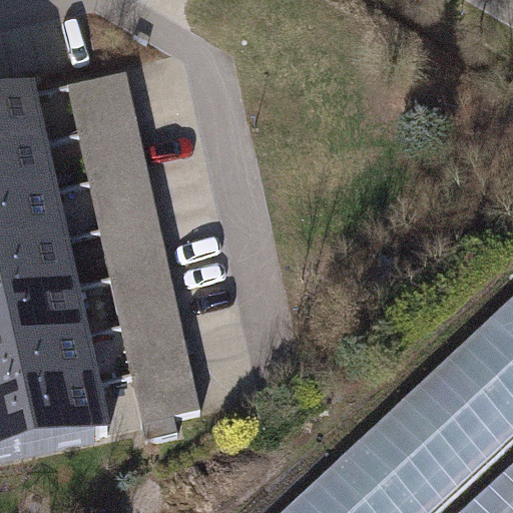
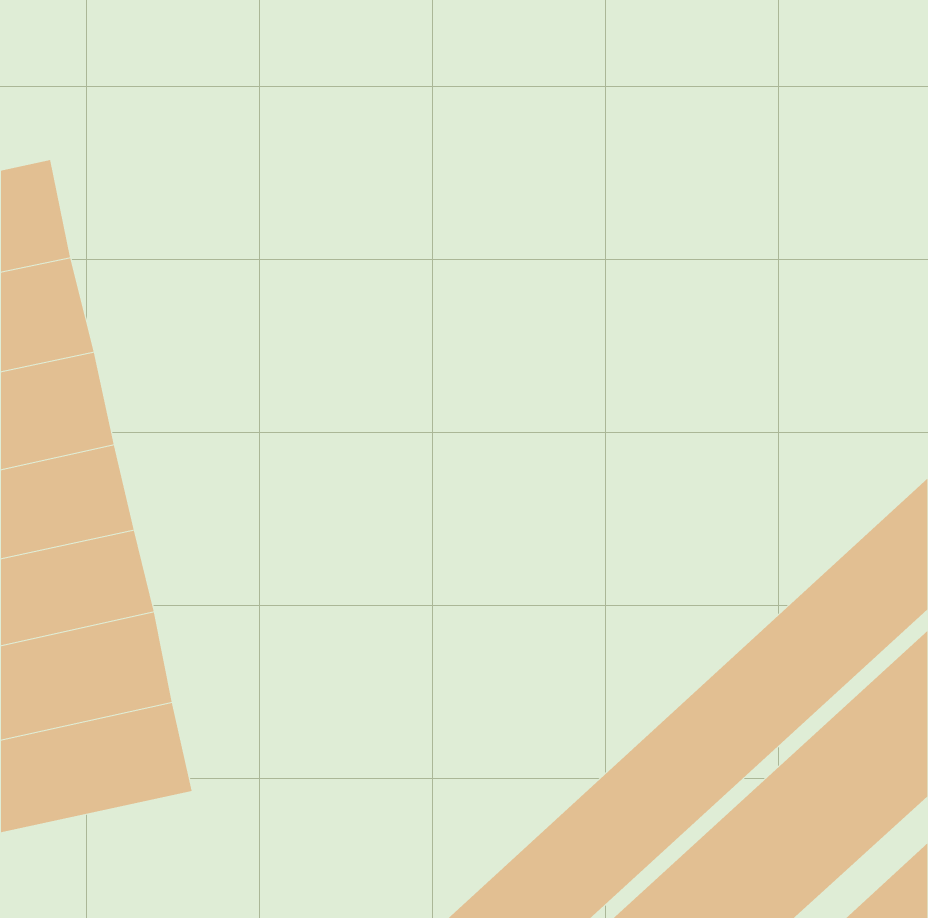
building: [69,81,199,429] -> none

